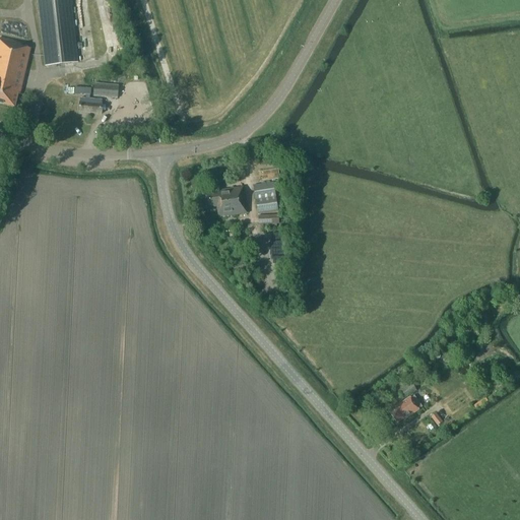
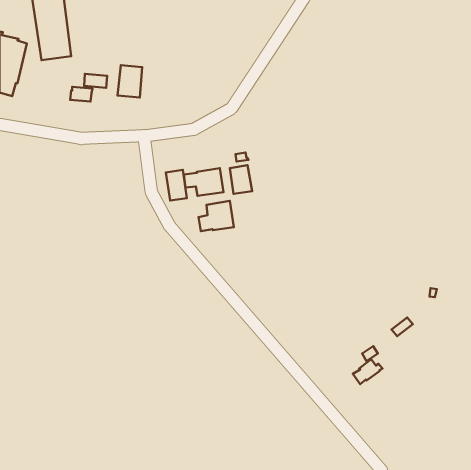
building: none -> [118,65,142,97]
building: none -> [166,170,187,201]
building: none -> [199,201,234,231]

